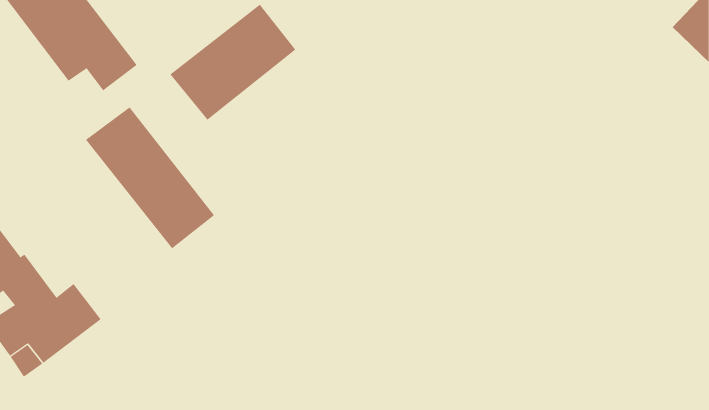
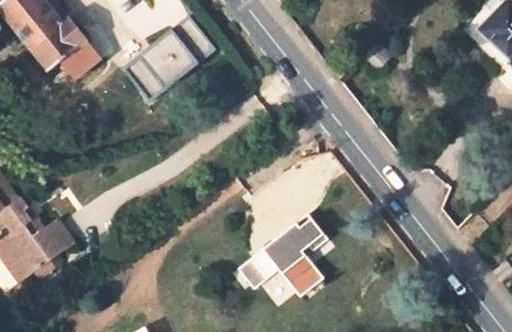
building: [85,106,215,249] -> none
building: none -> [234,214,324,298]

